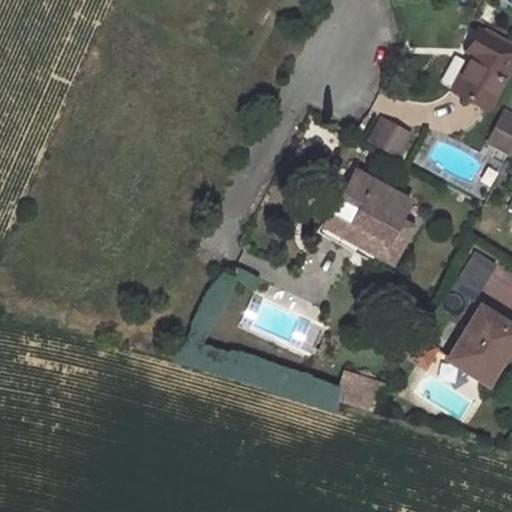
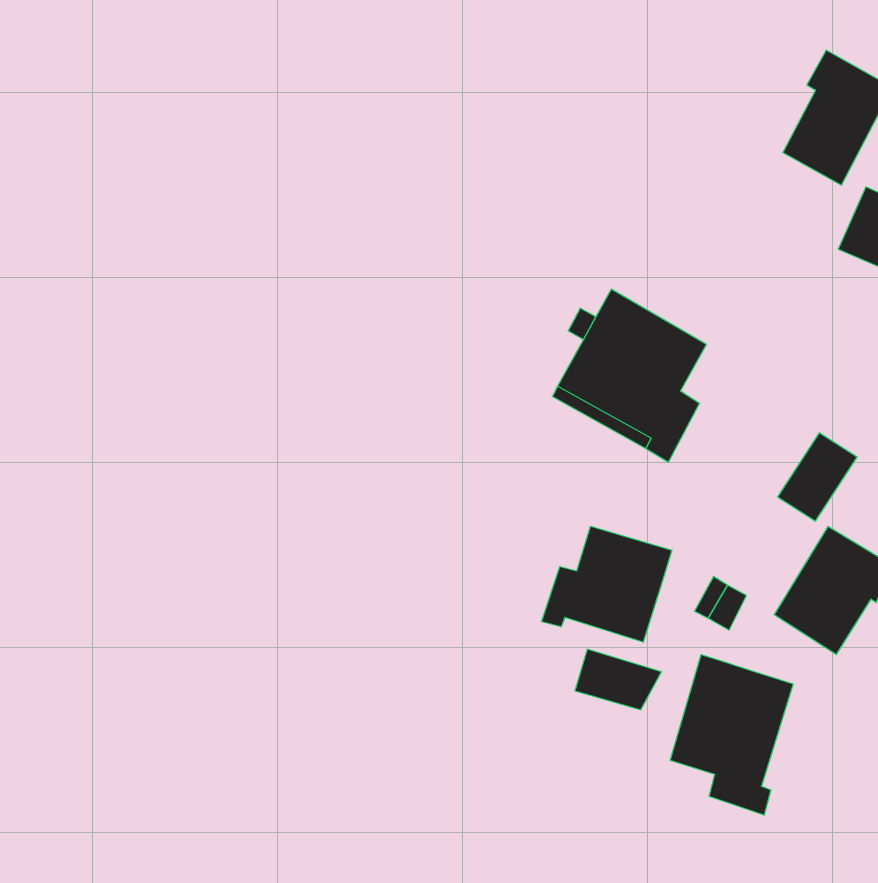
building: [371,117,415,157] -> none
building: none -> [542,526,672,642]
building: none -> [670,655,793,815]

